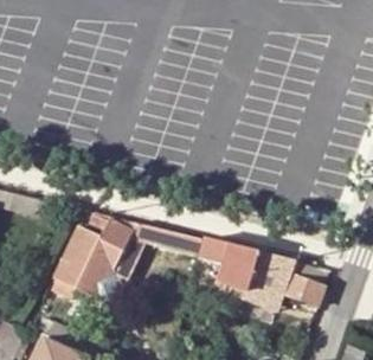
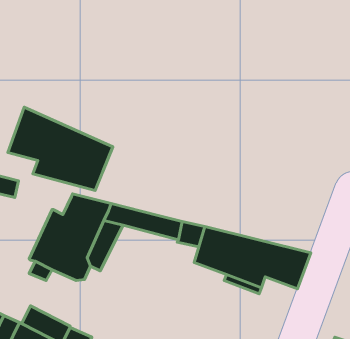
building: none -> [8,107,113,191]

